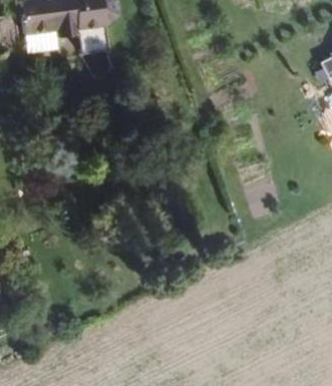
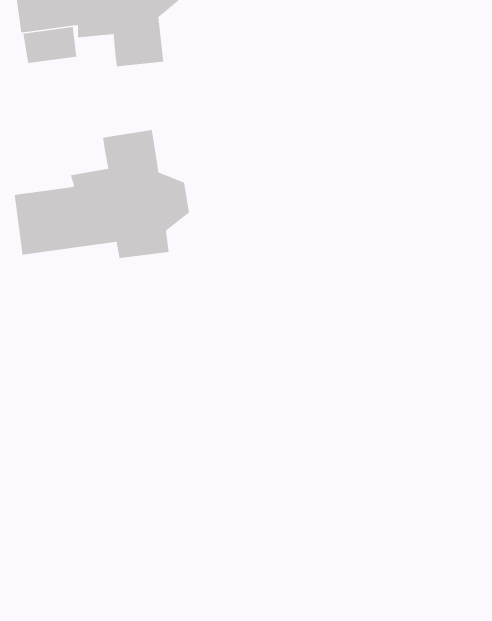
building: none -> [14,129,190,259]

